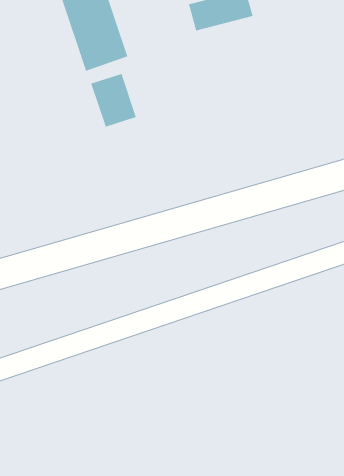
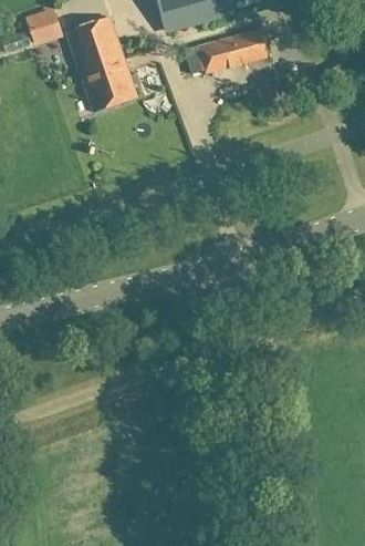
building: [91,73,137,128] -> none

